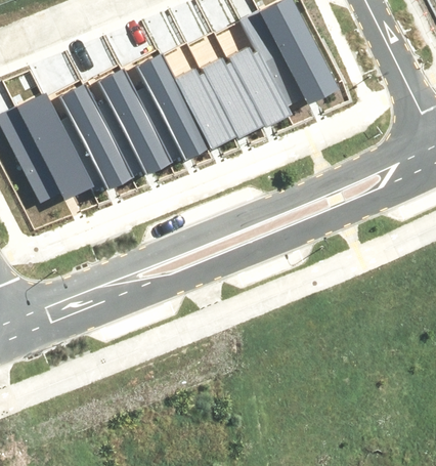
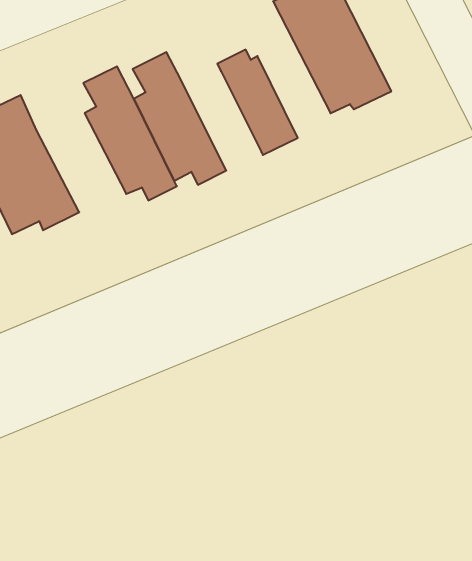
building: [229,44,293,127] -> none
building: [172,68,235,151] -> none
building: [58,82,132,187] -> none

